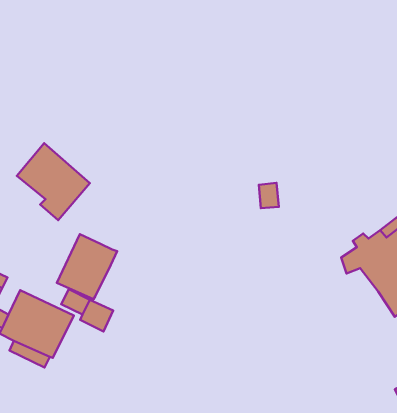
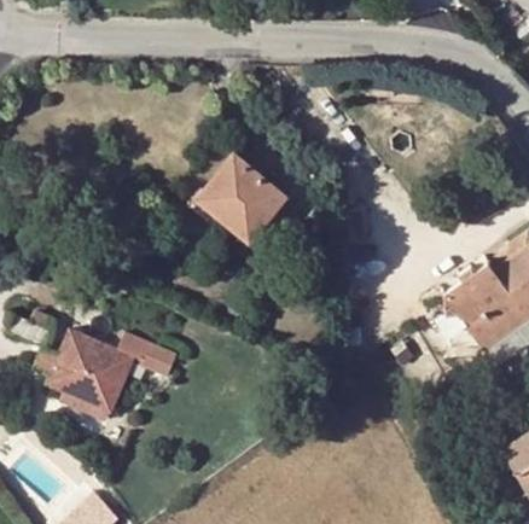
building: [17,143,90,220] -> [202,152,285,240]
building: [57,234,117,299] -> none

